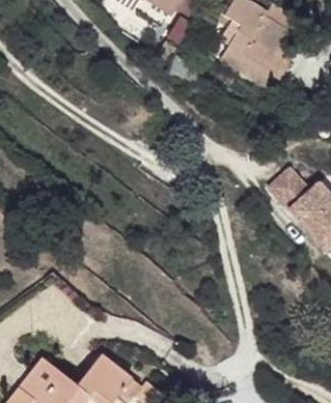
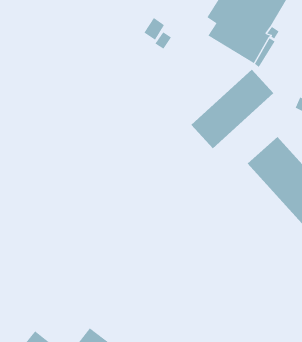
building: none -> [190,69,274,149]

